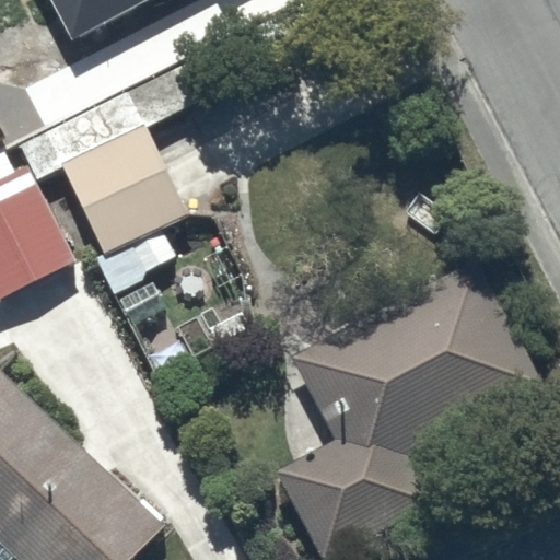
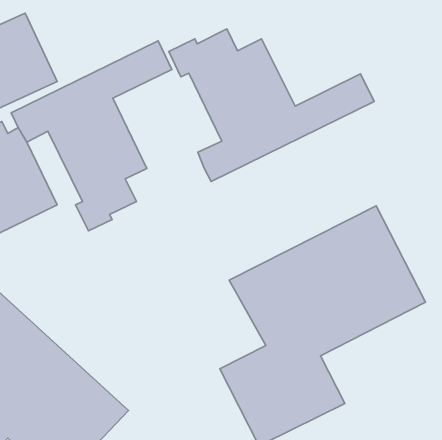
building: none -> [169,29,374,181]

